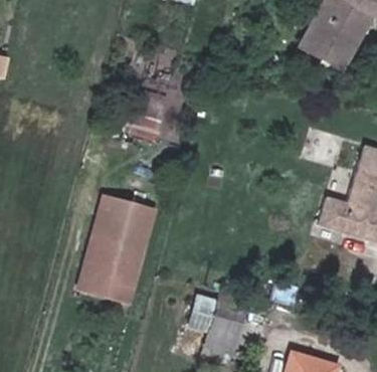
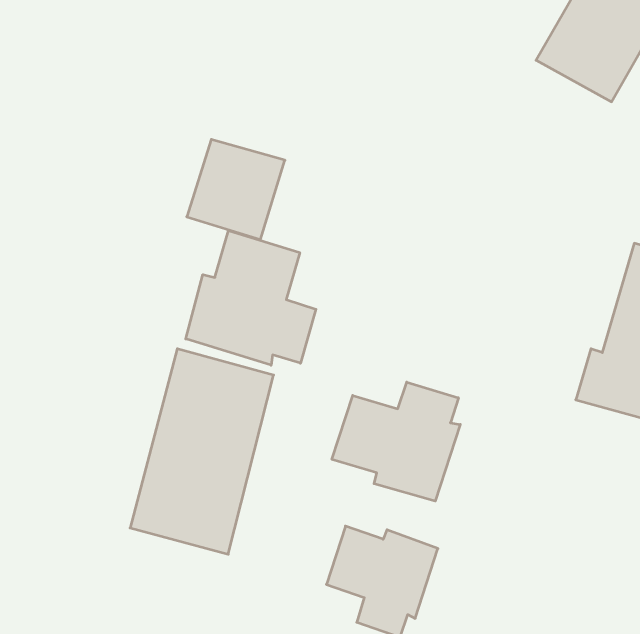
building: none -> [186,230,316,365]
building: none -> [332,382,460,501]

